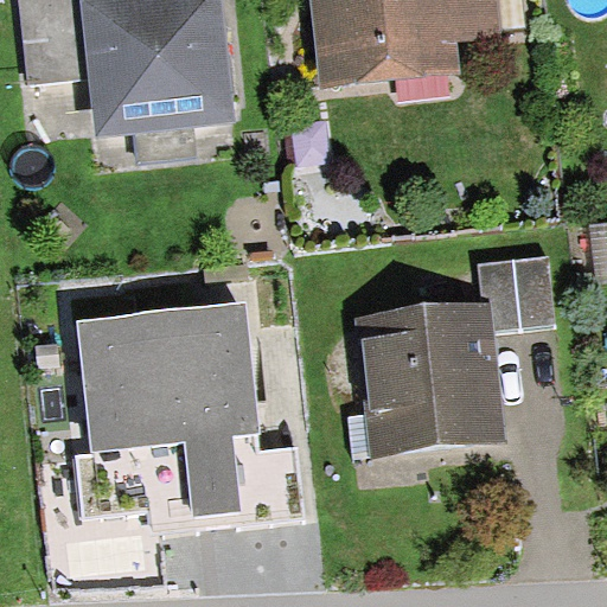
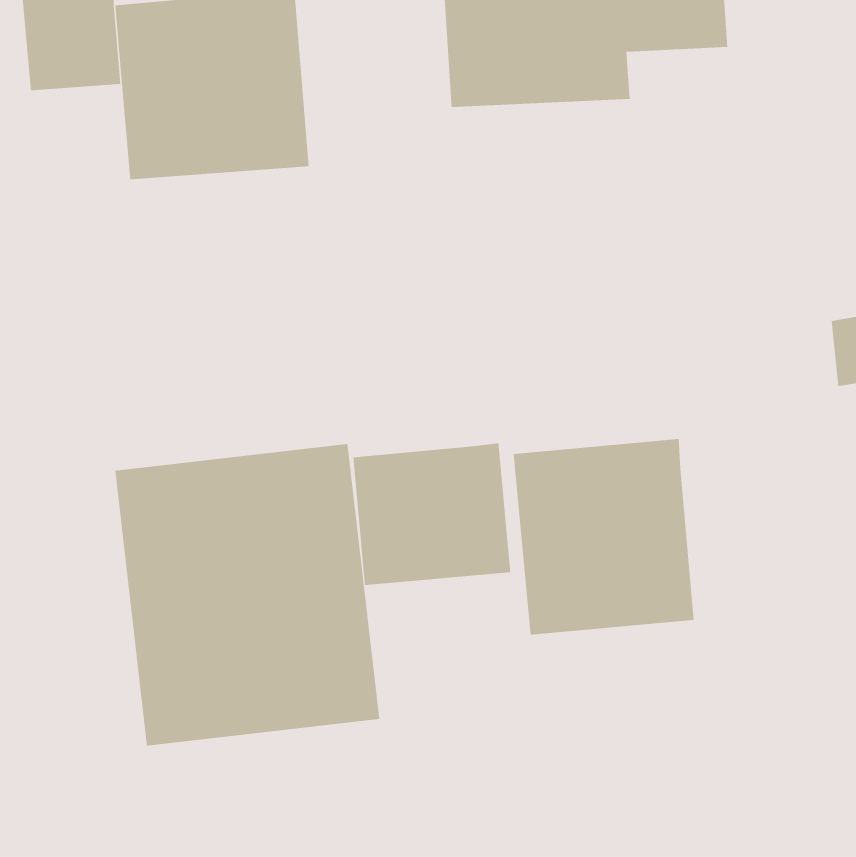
building: [477,258,548,331] -> none
building: none -> [353,442,511,586]

